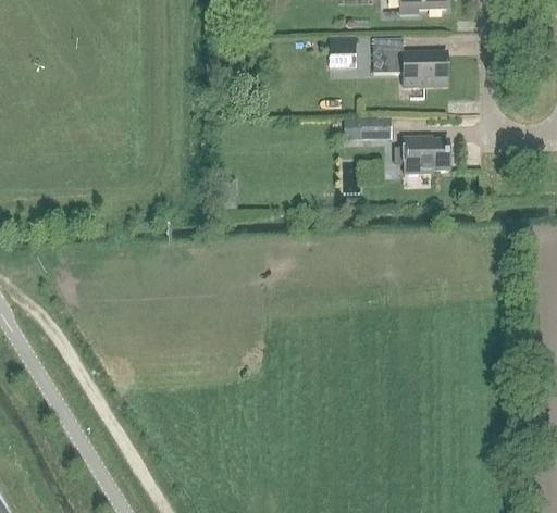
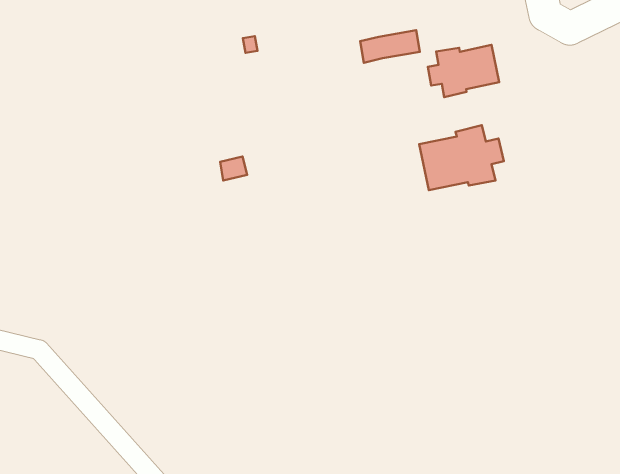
building: none -> [419,125,504,190]

